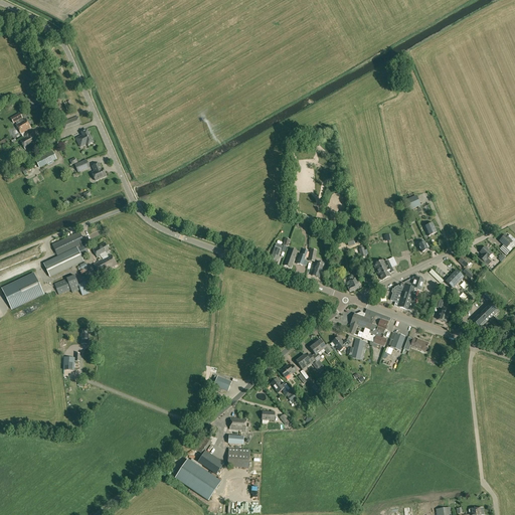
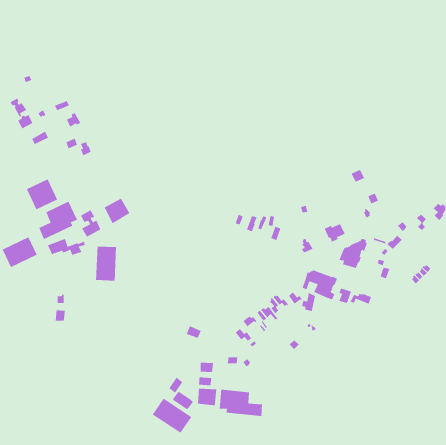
building: none -> [26,179,58,210]
building: none -> [104,198,130,224]
building: none -> [96,246,117,281]
building: none -> [219,389,263,417]

